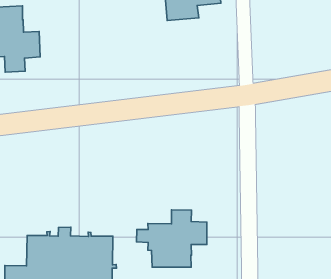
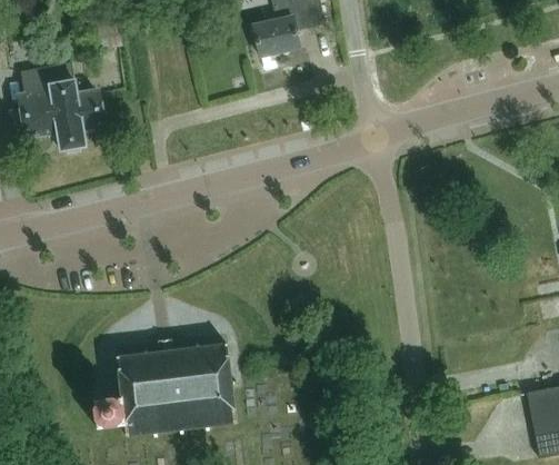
building: [137,210,207,267] -> none

